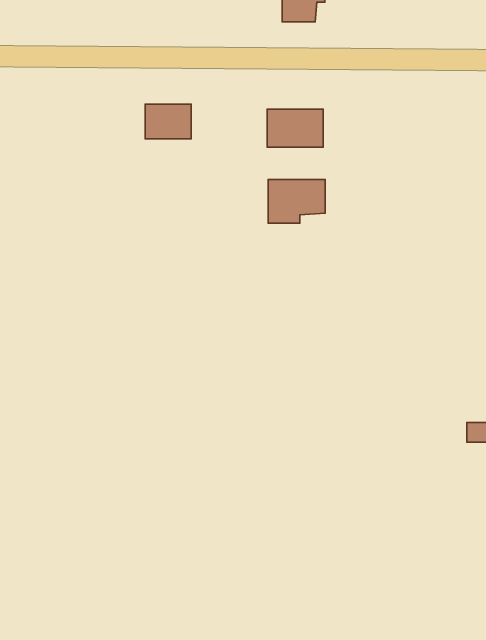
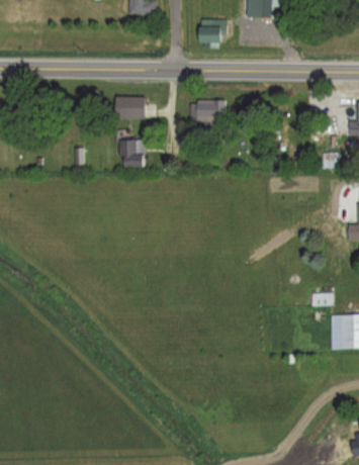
building: none -> [120,141,144,167]
building: [268,179,325,223] -> none

